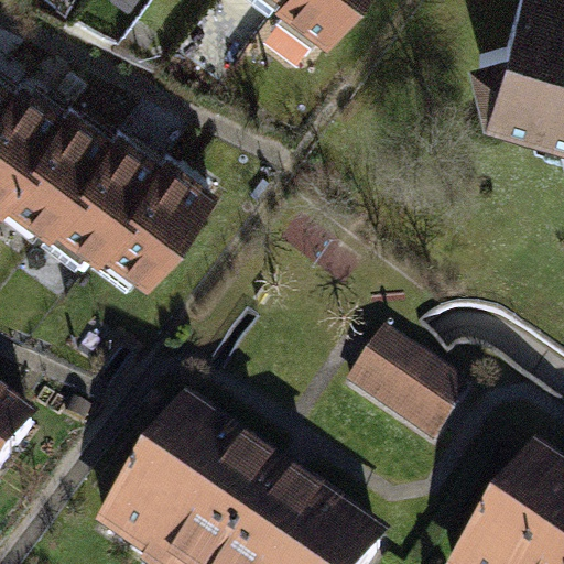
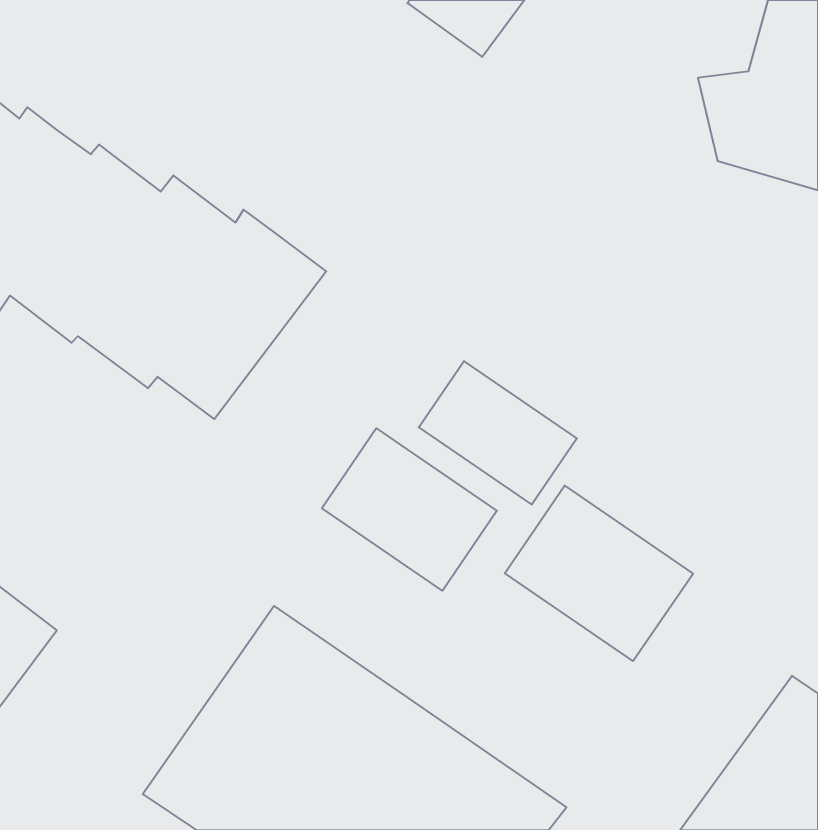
building: none -> [419,361,577,505]
building: none -> [322,428,497,591]

